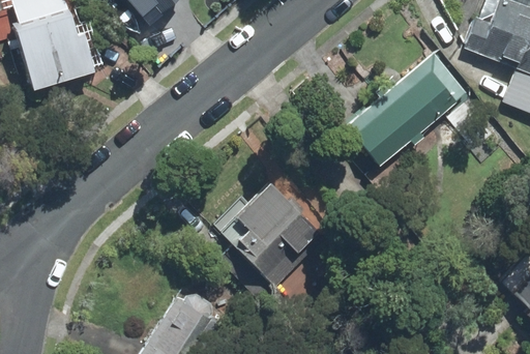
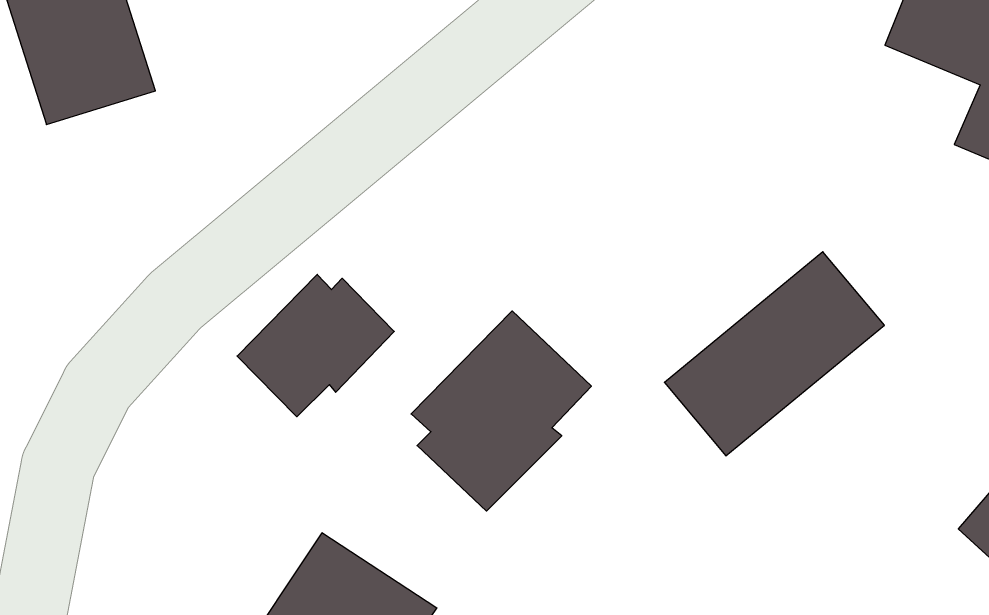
building: [352,54,467,160] -> [664,252,884,456]
building: none -> [237,274,394,417]

